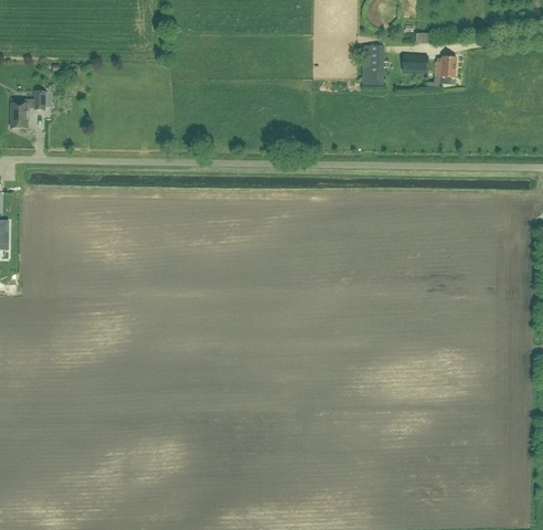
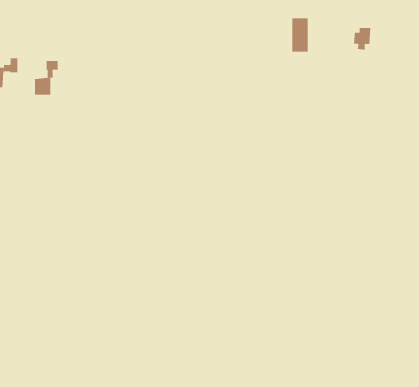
building: [402,54,427,73] -> none
building: none -> [34,60,58,96]

